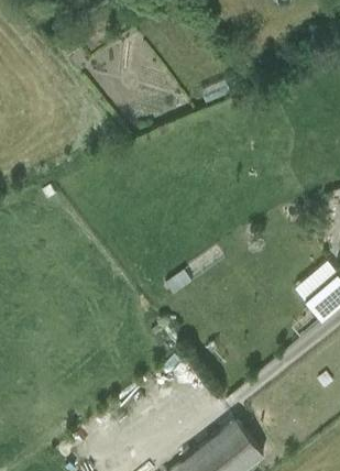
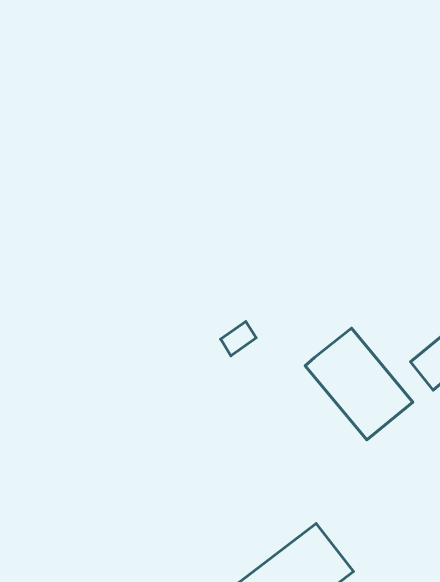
building: none -> [305,328,413,440]

